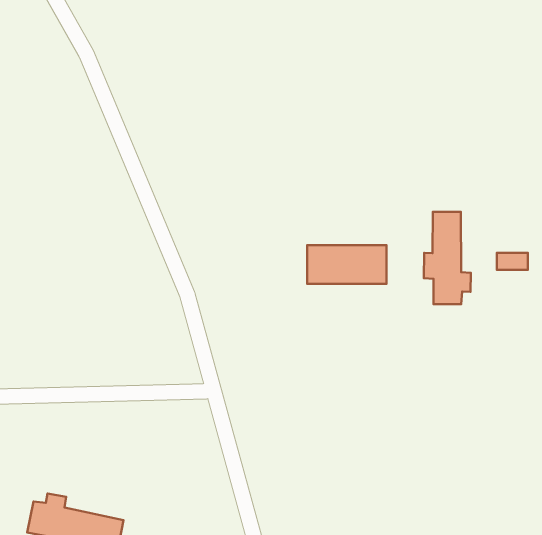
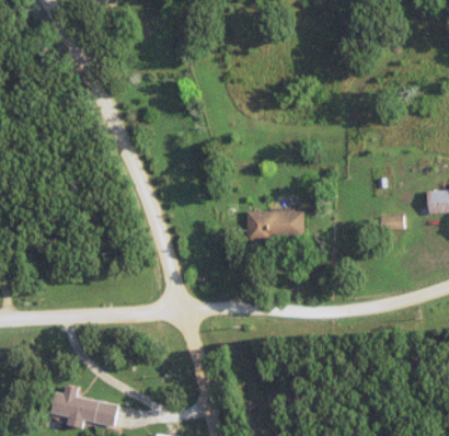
building: [424,212,471,304] -> none

